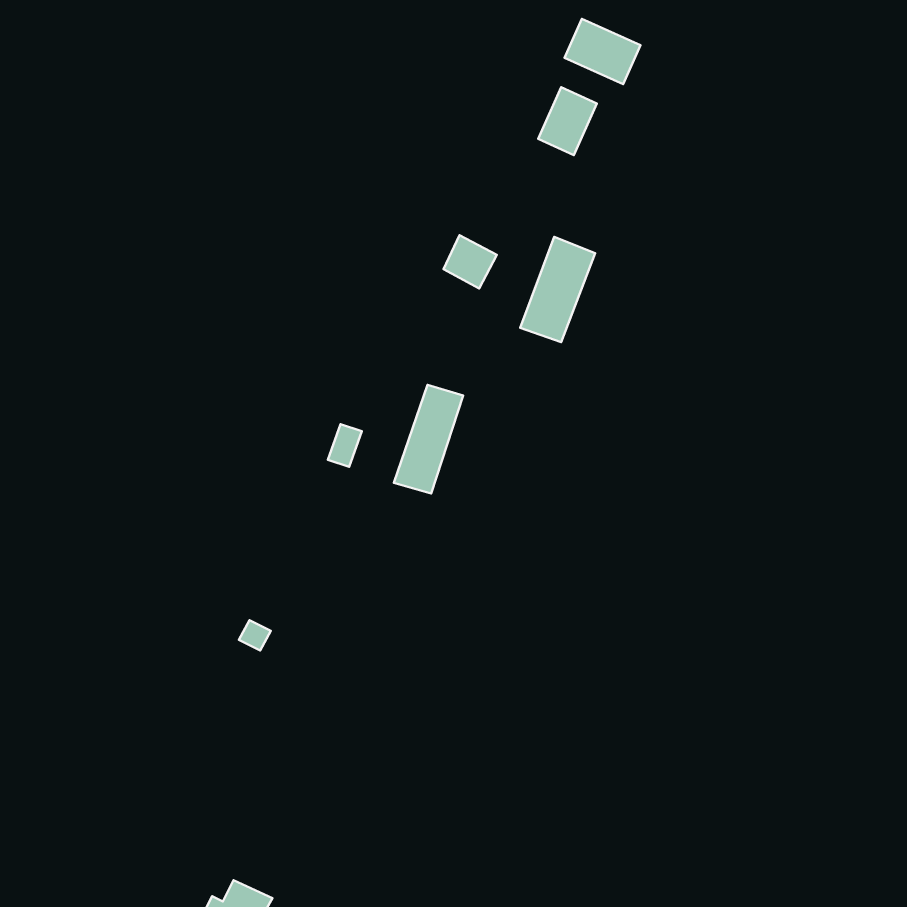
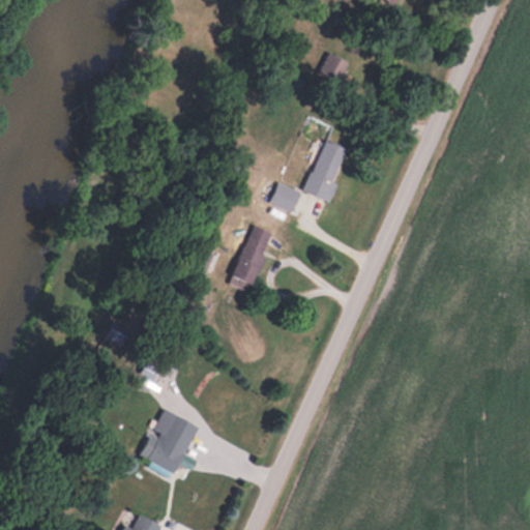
building: [564,19,641,84] -> none
building: [444,235,497,289] -> [269,182,300,213]
building: none -> [140,409,199,475]

